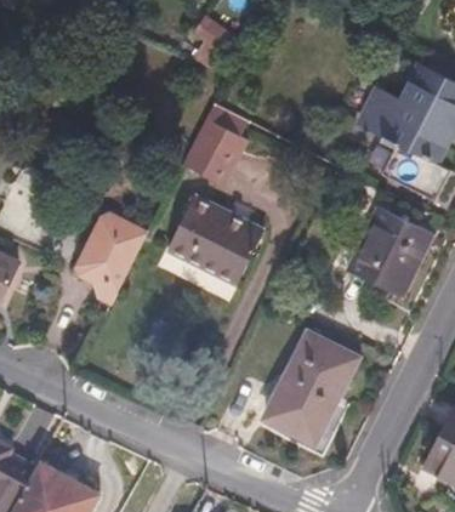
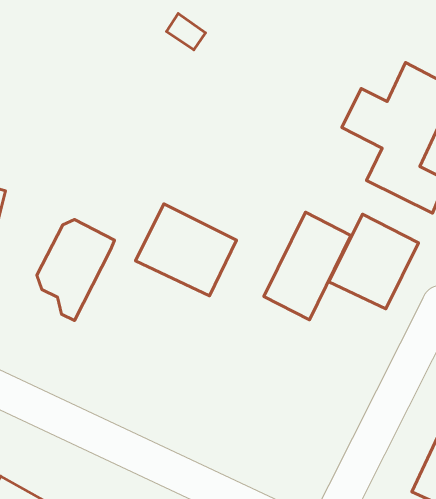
building: [182,104,248,184] -> none
building: [271,339,352,439] -> [264,212,351,320]

